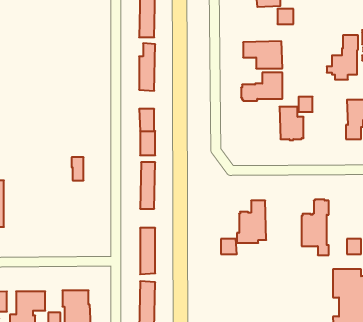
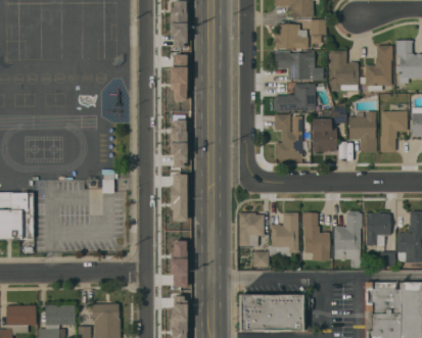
building: none -> [274,23,308,48]
building: none -> [330,50,358,90]
building: none -> [348,110,376,151]
building: none -> [275,113,301,158]
building: none -> [239,212,264,245]
building: none -> [302,212,329,259]
building: none -> [366,212,389,245]
building: none -> [239,294,309,331]

